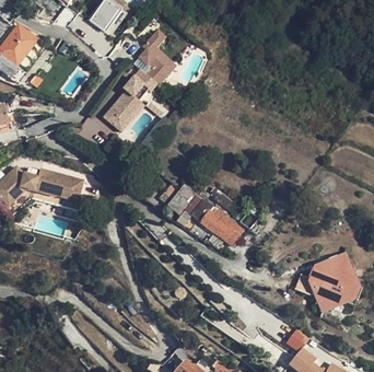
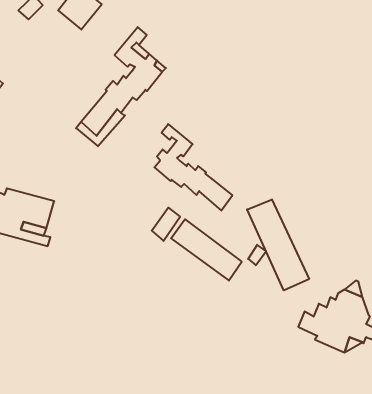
building: none -> [154,124,232,211]
building: none -> [247,199,309,290]

